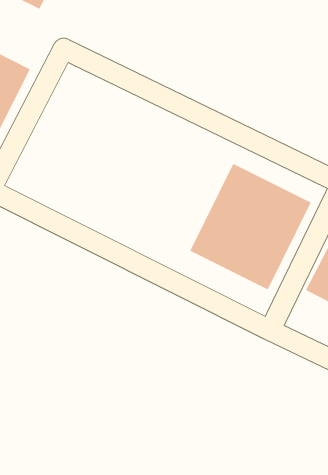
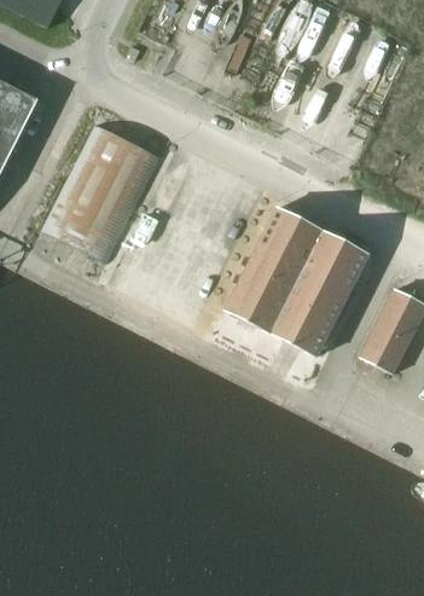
building: none -> [40,125,158,262]

